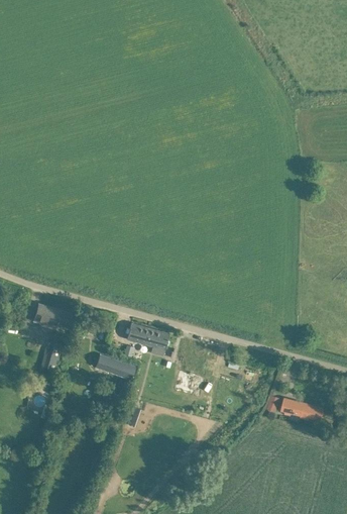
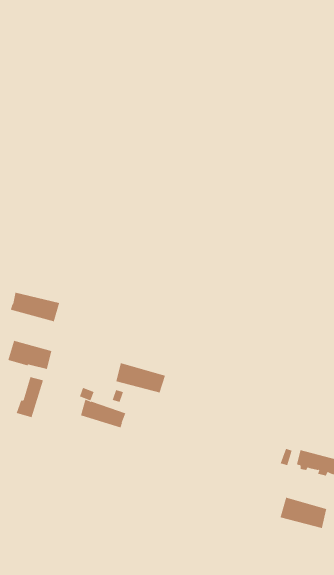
building: none -> [10,292,60,322]
building: none -> [280,497,327,529]

